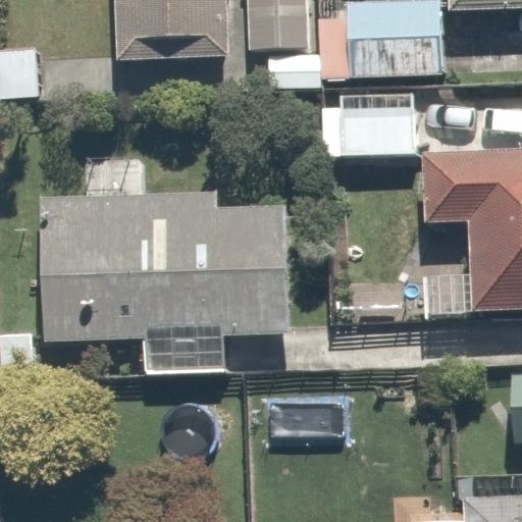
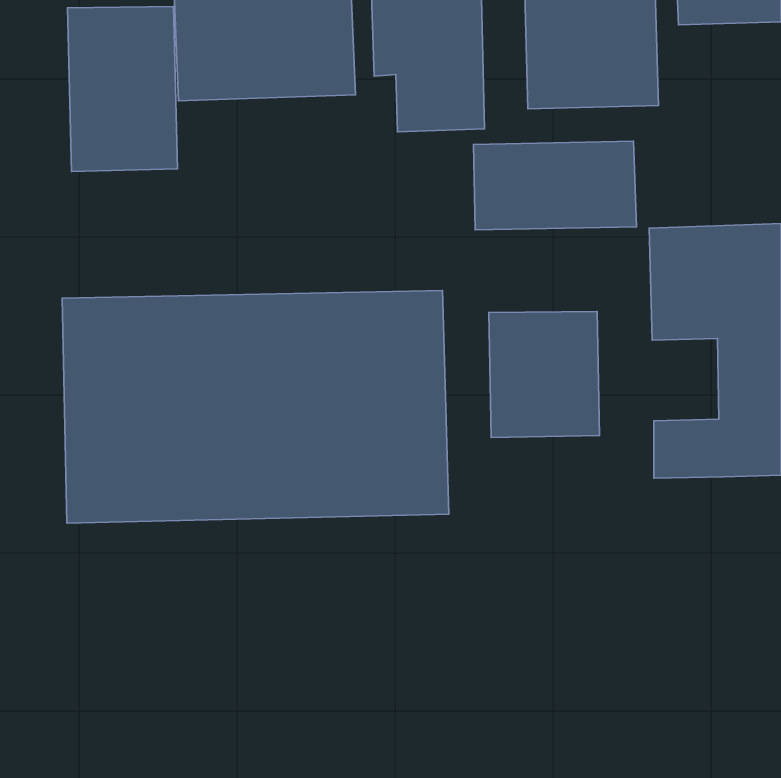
building: none -> [68,7,177,172]
building: none -> [489,312,600,437]

